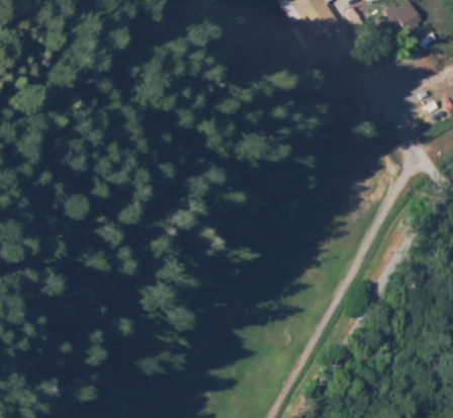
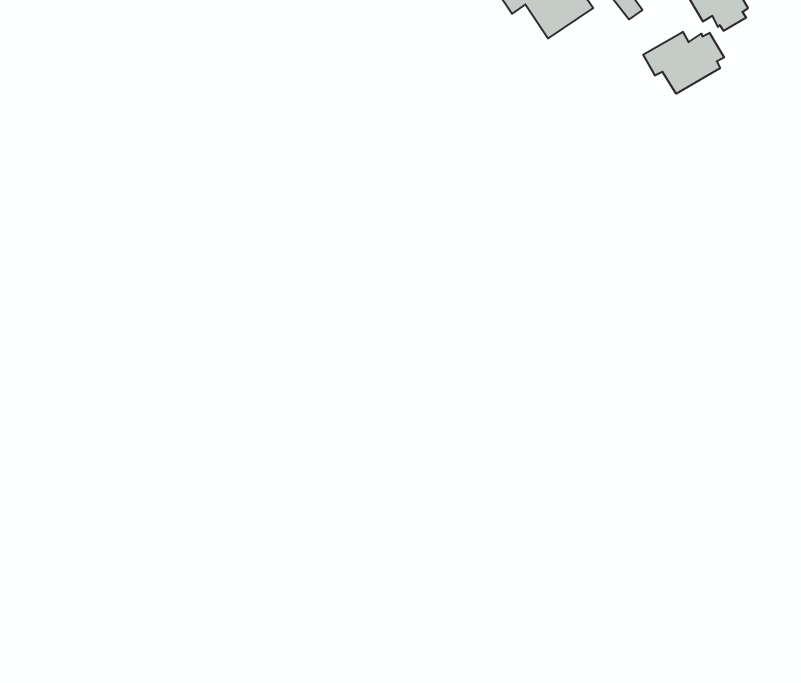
building: none -> [643,32,724,94]

